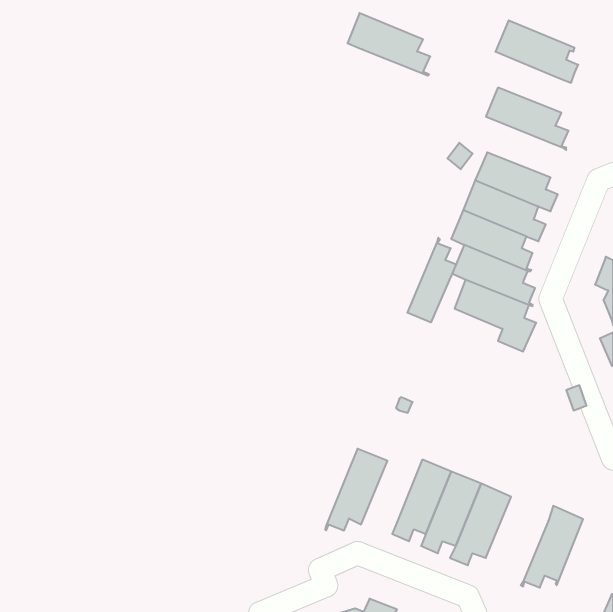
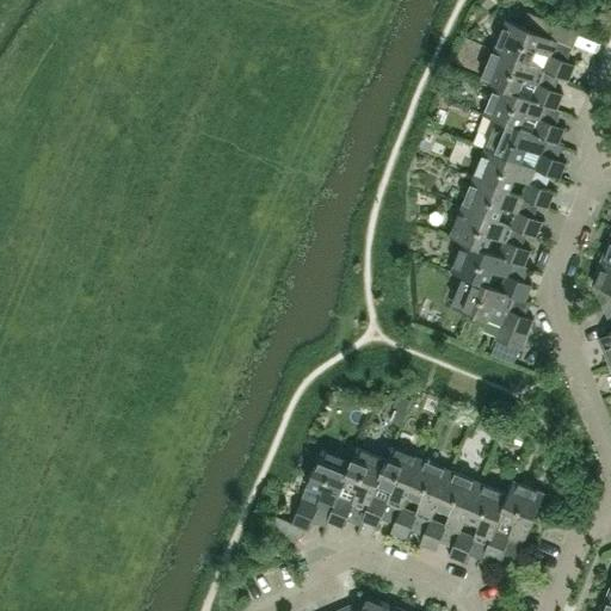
building: [347,13,430,76] -> [481,53,563,115]
building: none -> [477,117,567,183]
building: [407,238,456,322] -> none
building: none -> [358,446,420,527]
building: none -> [292,450,350,530]
building: [521,506,583,588] -> [481,481,543,562]

